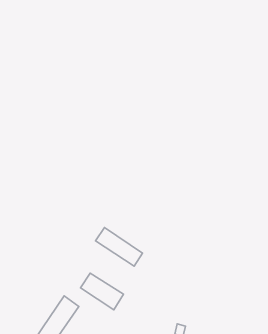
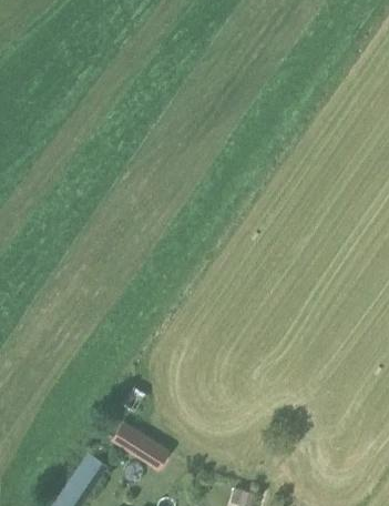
building: [96,228,142,266] -> none

